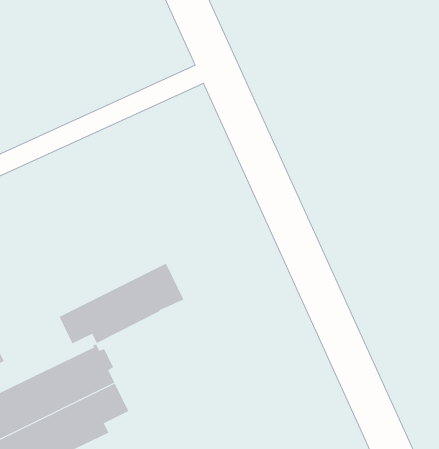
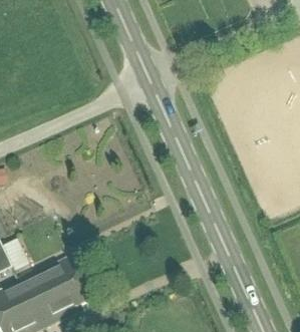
building: [59,263,184,344] -> none

